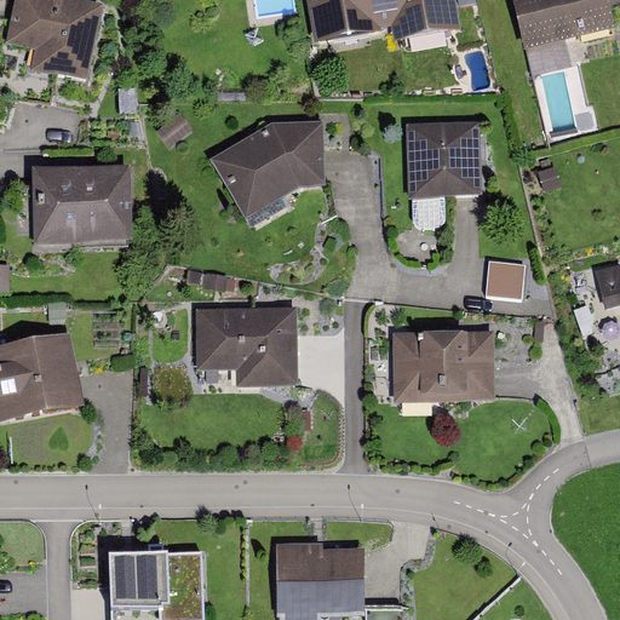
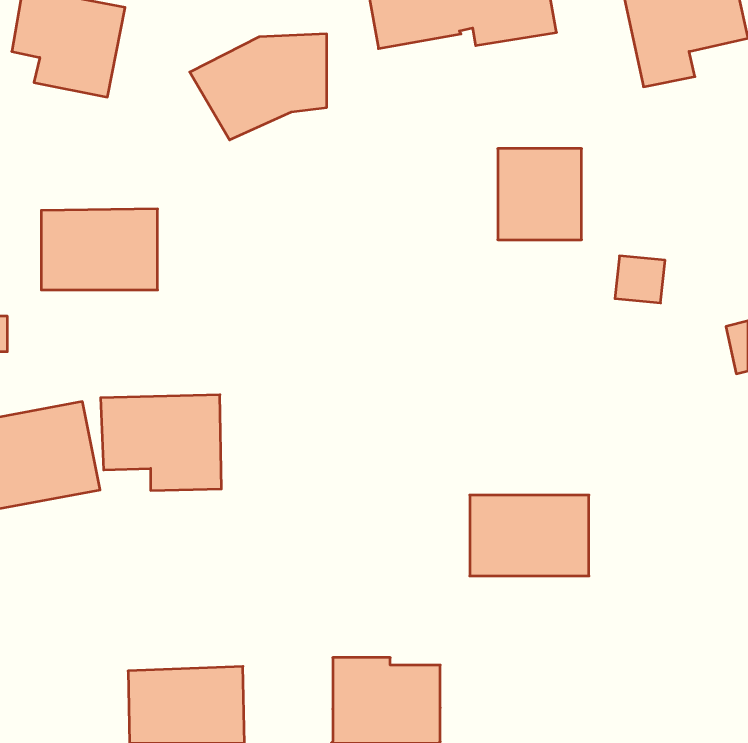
building: [209,124,322,211] -> [190,34,327,140]
building: [482,258,523,297] -> [615,256,665,303]
building: [197,308,297,386] -> [101,395,221,490]
building: [395,331,493,397] -> [470,495,589,576]

